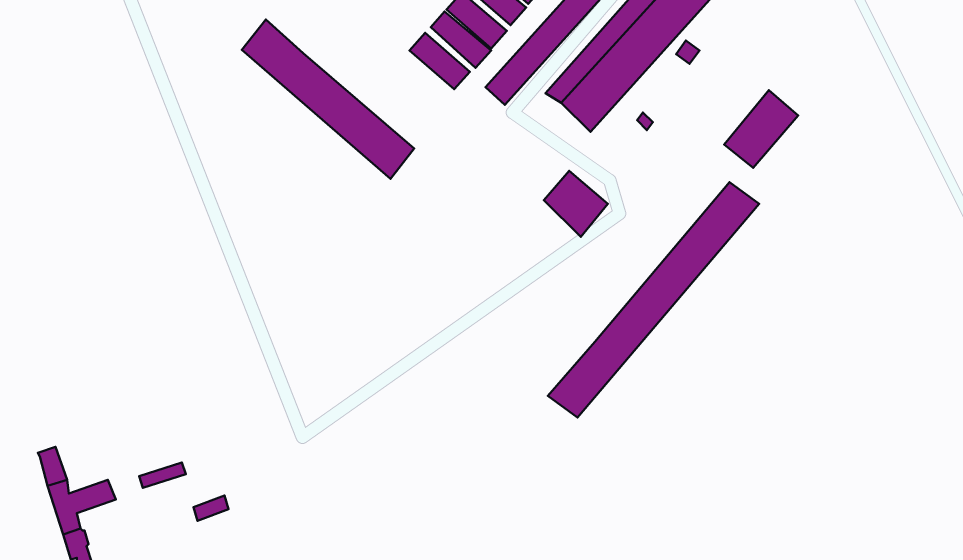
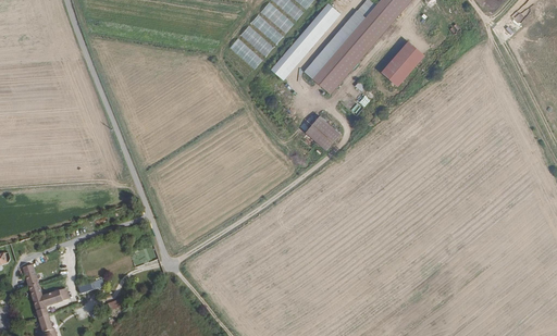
building: [242,20,414,179] -> none
building: [724,90,798,168] -> [382,41,423,85]
building: [548,182,759,417] -> none

